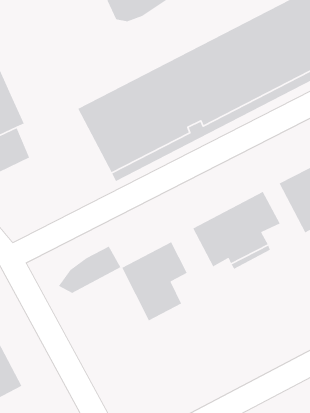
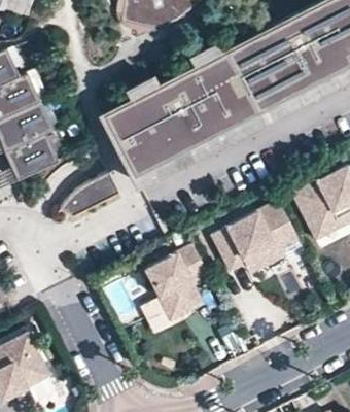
building: [58,246,121,294] -> [60,174,119,219]

